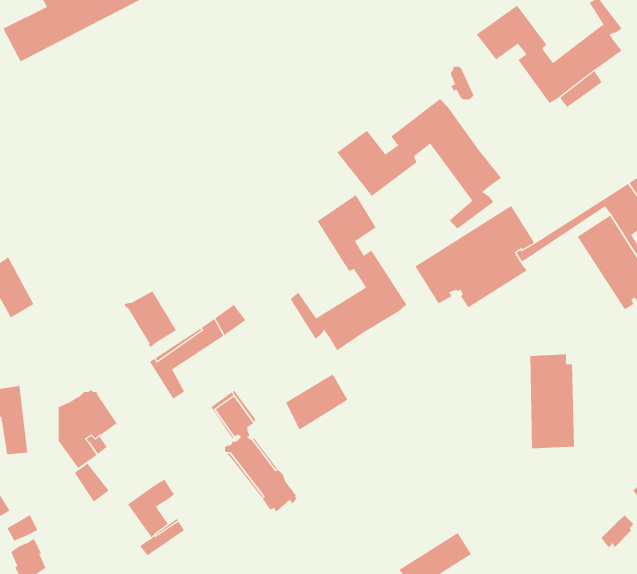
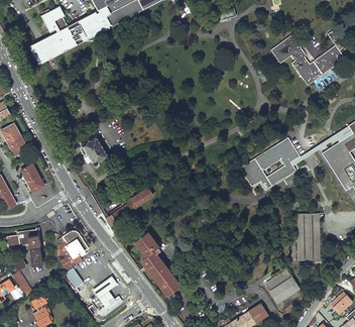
building: [336,98,502,230] -> none
building: [290,194,407,351] -> none
building: [123,290,177,348] -> [81,135,108,165]
building: [285,374,348,430] -> none
building: none -> [266,268,301,303]

